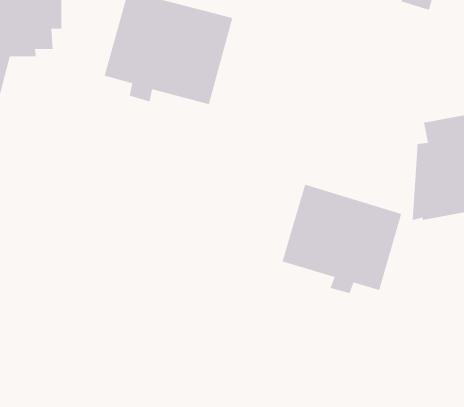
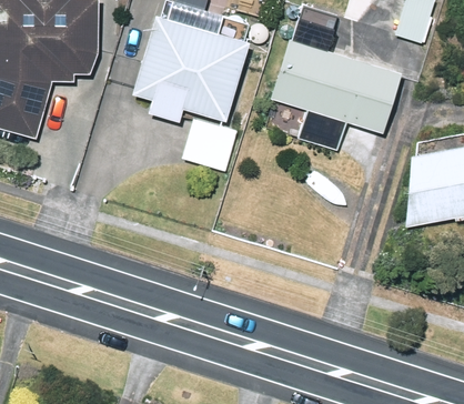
building: none -> [271,41,401,144]
building: [282,184,402,294] -> none

